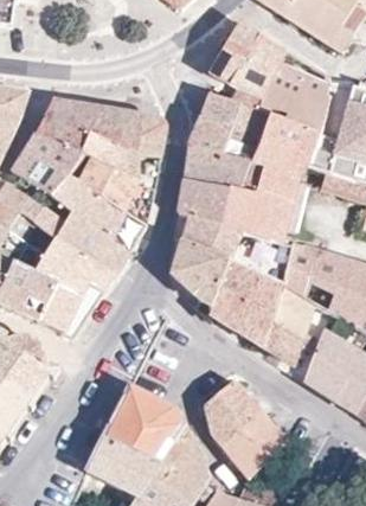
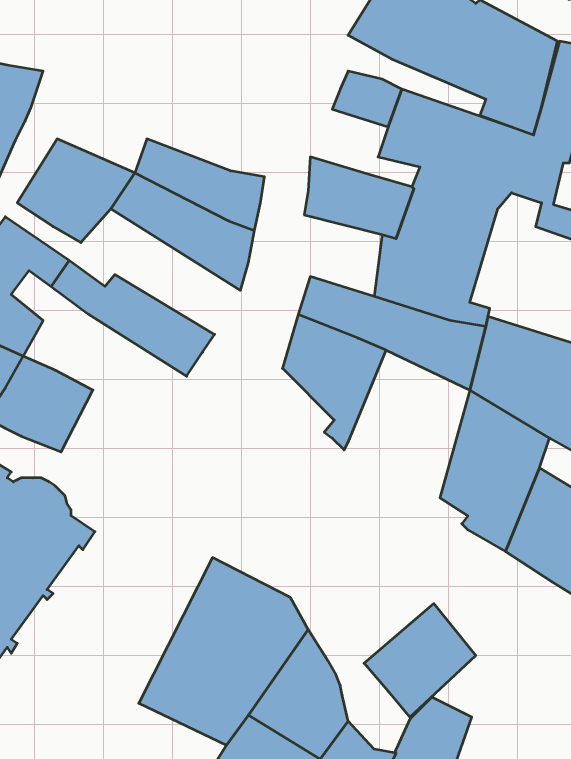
building: [36,100,162,156] -> none
building: [186,116,232,155] -> none
building: [50,175,145,250] -> none
building: [178,179,229,228] -> none
building: [34,238,113,337] -> none
building: [208,260,281,347] -> none
building: [203,379,259,446] -> none

